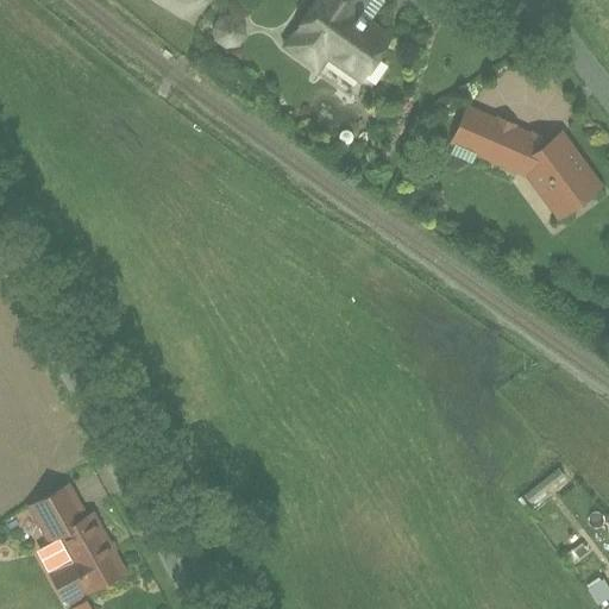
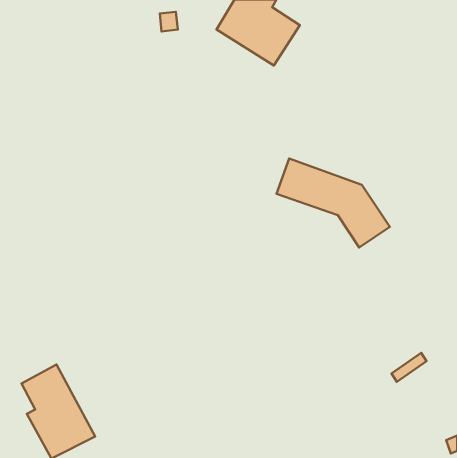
building: [450,100,599,218] -> [277,159,390,248]

